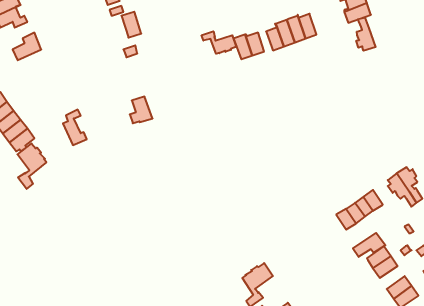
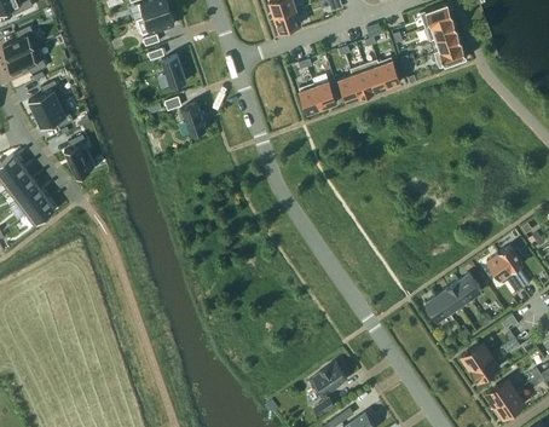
building: [356,17,376,51] -> none
building: [202,31,236,54] -> none
building: none -> [34,102,73,128]
building: [130,97,153,123] -> [178,104,206,137]
building: [63,110,87,145] -> [63,134,92,178]
building: [17,143,46,189] -> none
building: [353,233,385,257] -> none

